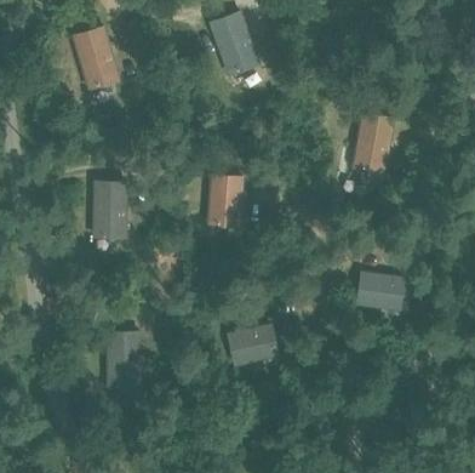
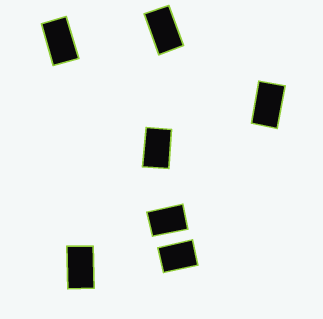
building: [92,182,128,240] -> none
building: [355,273,412,313] -> none
building: none -> [147,204,188,236]

